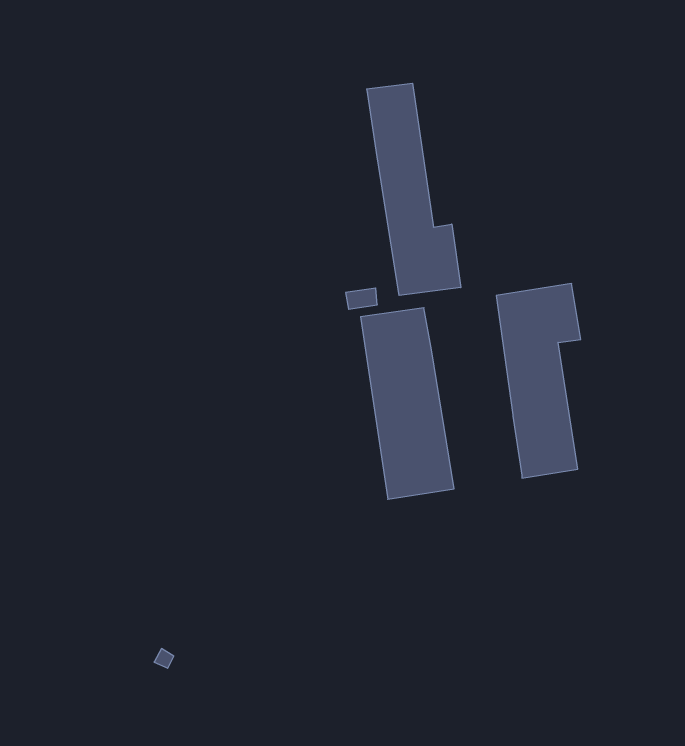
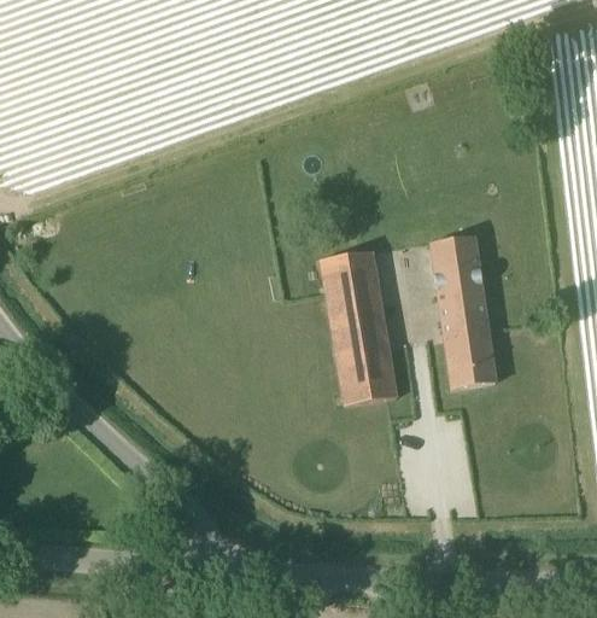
building: [367,83,461,295] -> none

